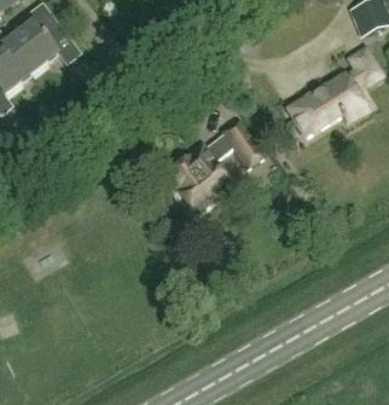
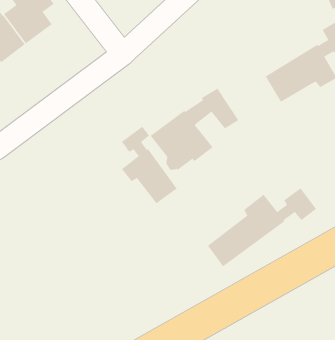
building: none -> [121,126,178,204]
building: none -> [207,187,317,267]

